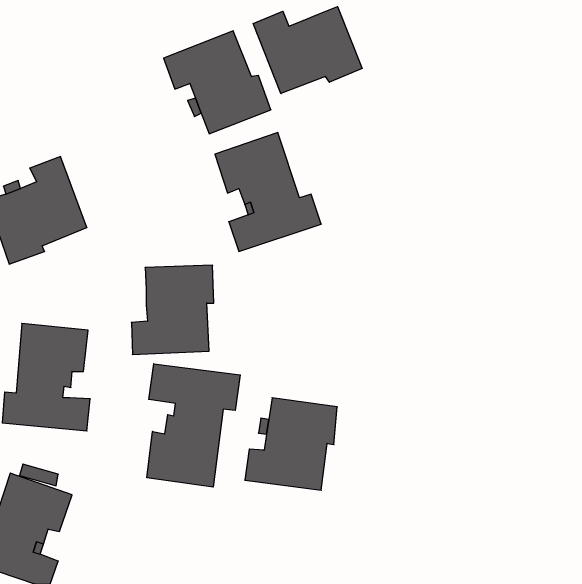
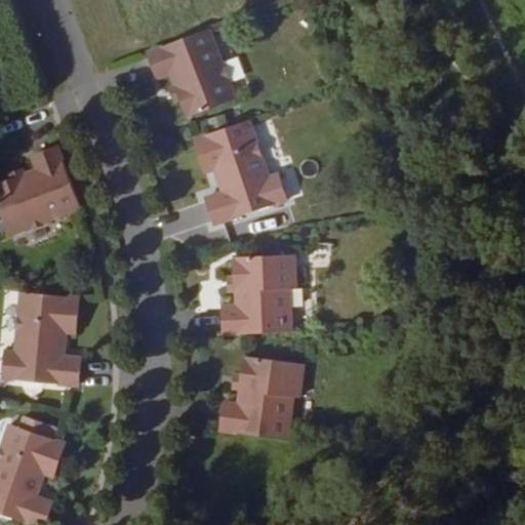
building: [253,7,362,94] -> none
building: [131,265,214,354] -> [221,254,295,334]
building: [147,364,240,487] -> none

